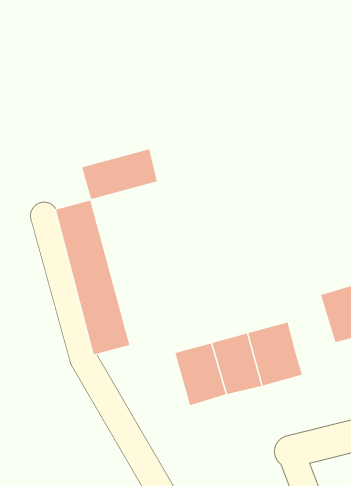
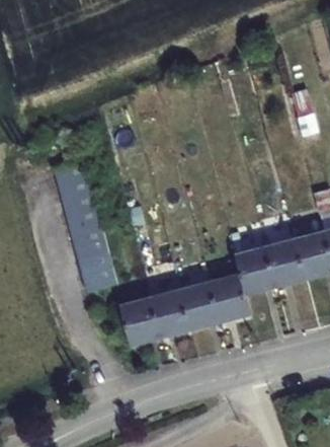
building: [81,148,158,200] -> none
building: none -> [241,245,283,294]
building: none -> [119,293,164,345]

